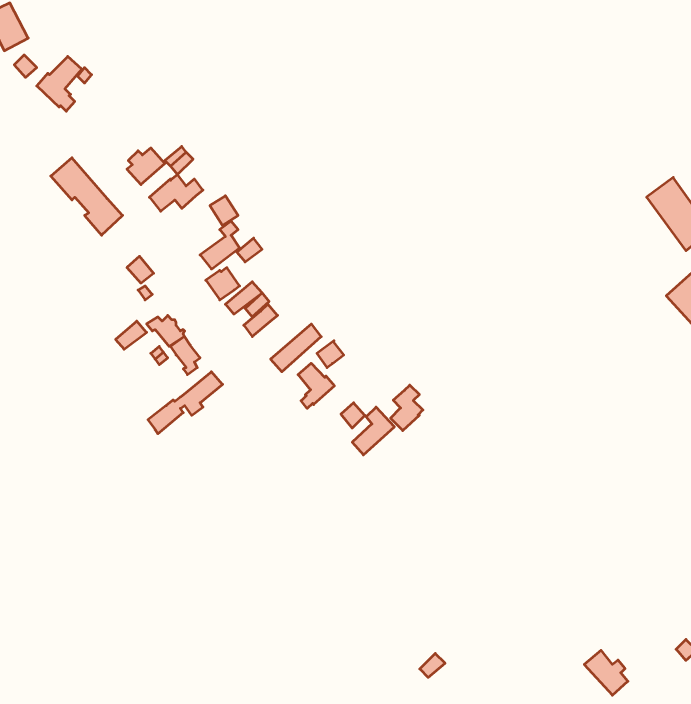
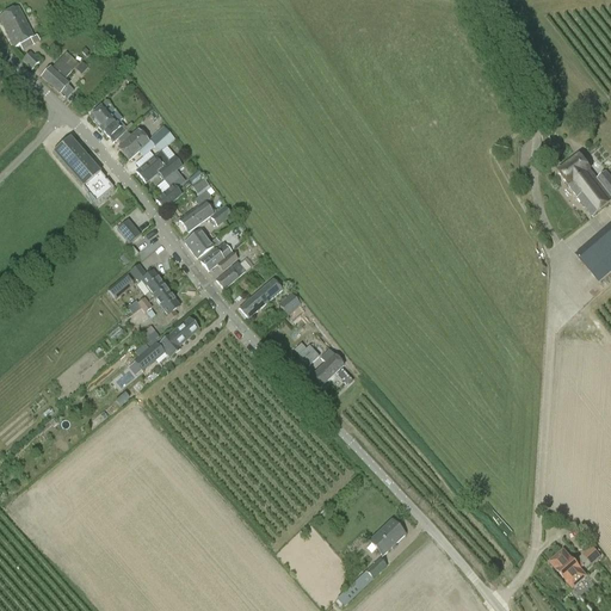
building: none -> [90,103,125,140]
building: none -> [155,167,185,206]
building: [298,363,334,408] -> none
building: [391,385,423,431] -> none
building: none -> [369,517,405,553]
building: [584,650,628,695] -> [549,547,586,585]

